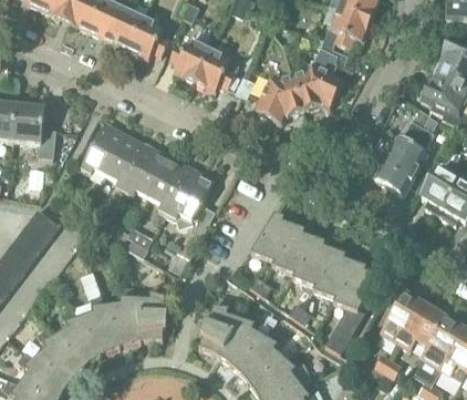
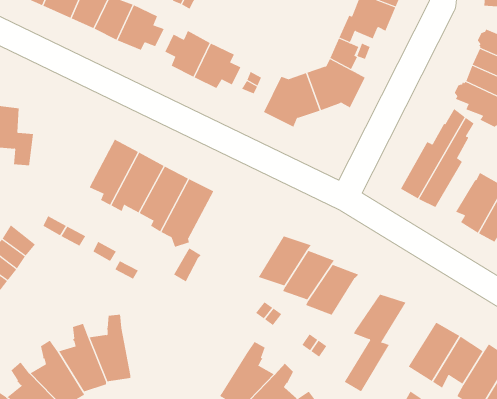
building: [80,123,126,176] -> none
building: [312,255,357,299] -> none
building: [133,284,164,340] -> none
building: [198,295,240,355] -> none

